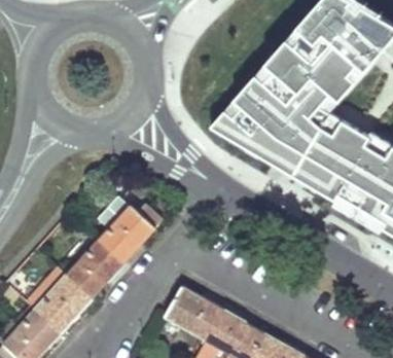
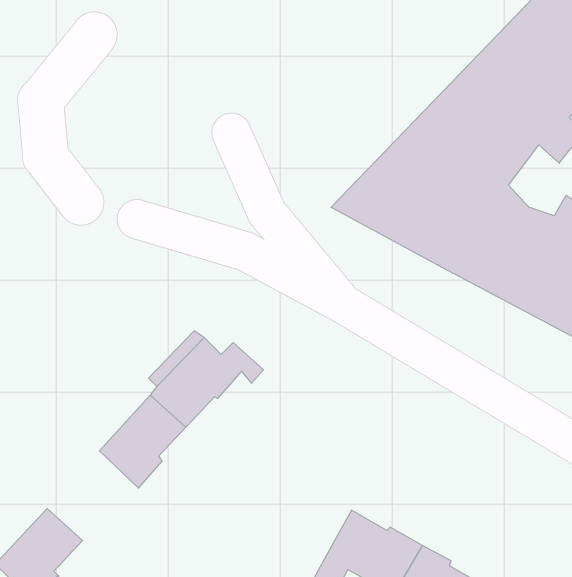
building: [34,277,90,331] -> none
building: [162,287,219,341] -> none

